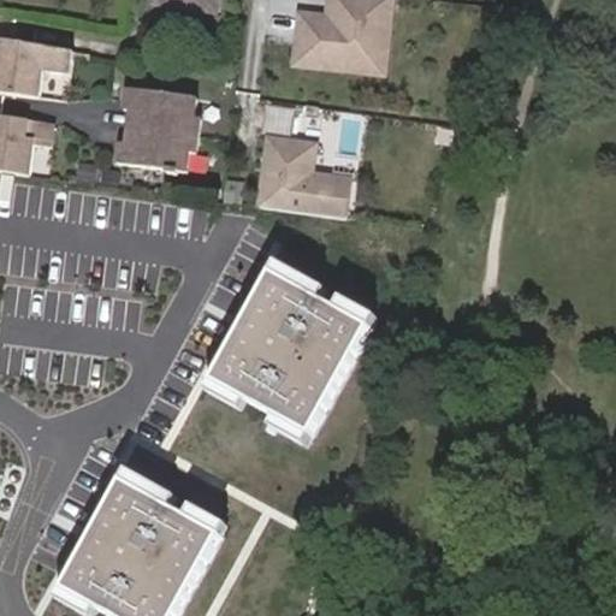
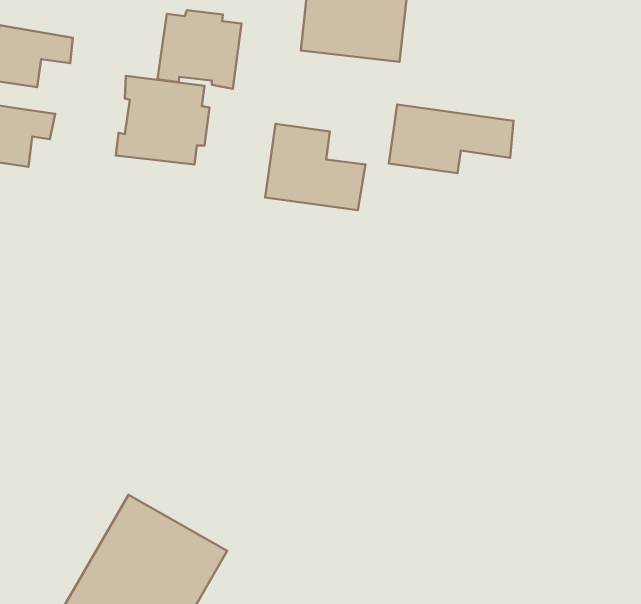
building: none -> [157,10,241,89]
building: none -> [389,105,514,173]
building: [213,277,368,433] -> none

